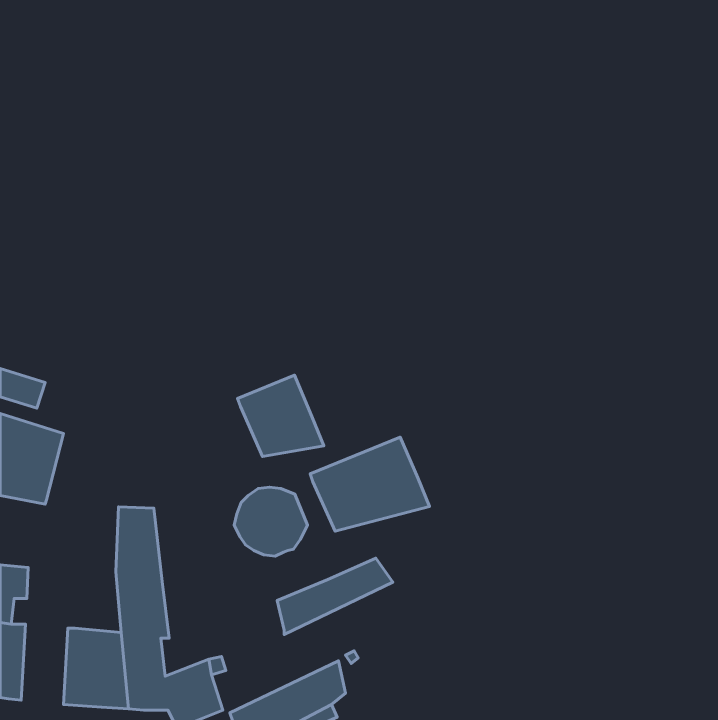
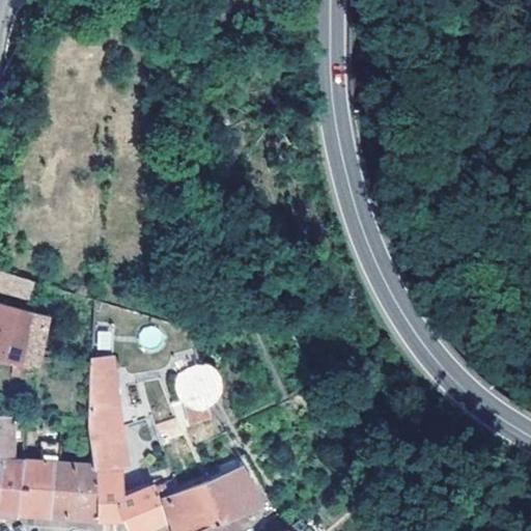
building: [238,375,324,457] -> none
building: [310,437,430,531] -> none
building: [277,558,393,635] -> [166,469,251,525]
building: none -> [18,459,52,519]

